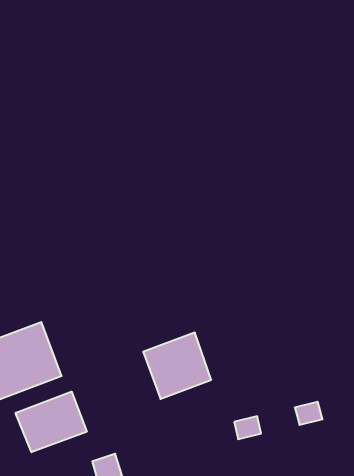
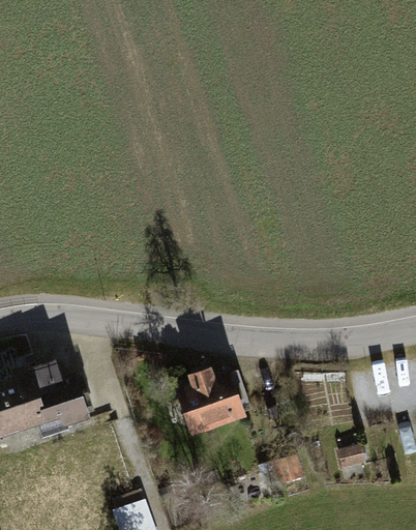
building: [16,392,87,452] -> none

